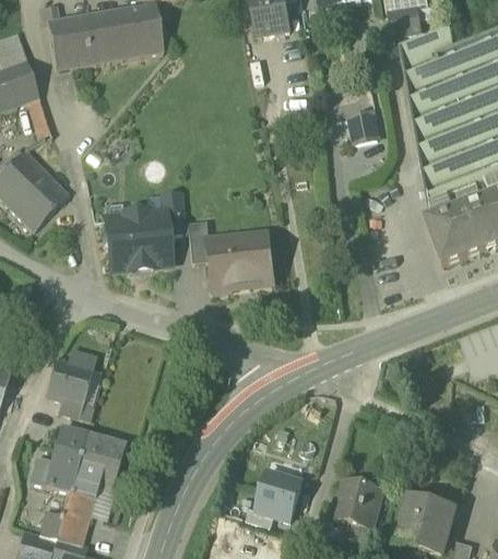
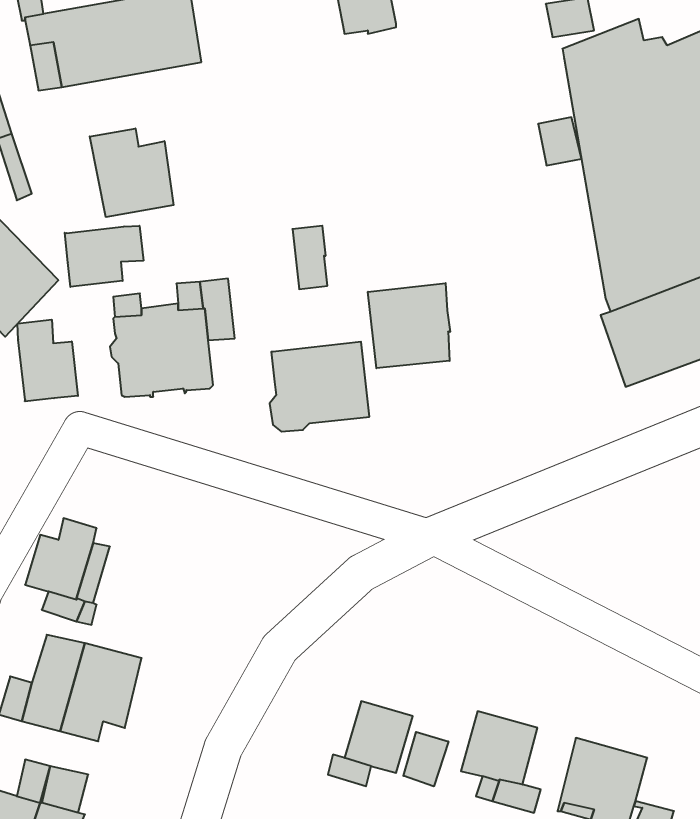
building: none -> [90,128,174,217]
building: [351,110,379,142] -> [538,117,581,165]
building: none -> [65,226,143,287]
building: none -> [368,283,450,368]
building: none -> [18,320,78,401]
building: [188,221,211,262] -> [292,226,327,289]
building: [63,489,95,518] -> none
building: none -> [403,732,448,786]

